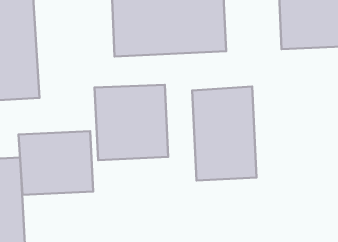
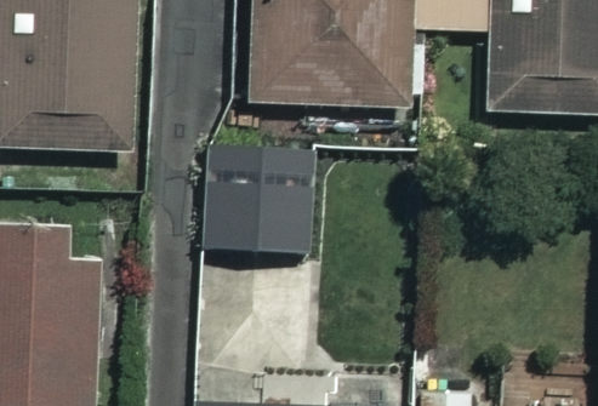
building: [192,86,256,180] -> none
building: [19,131,93,195] -> none

